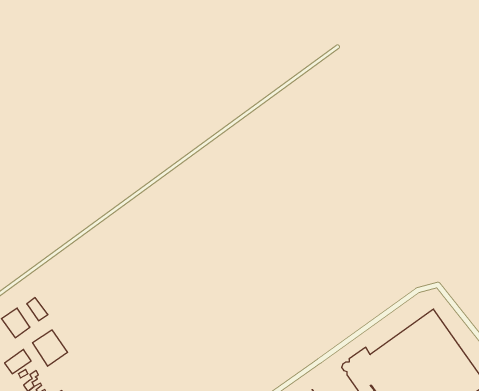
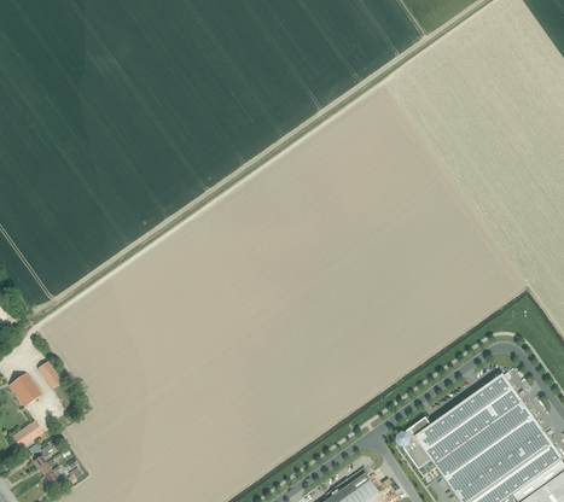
building: [33,330,68,366] -> none

